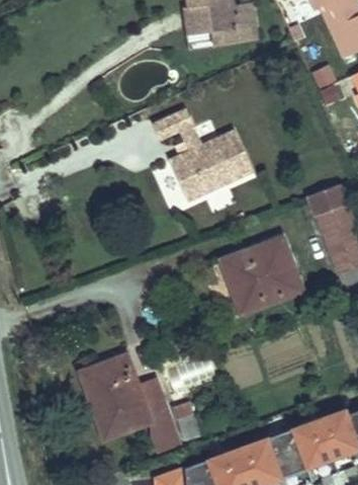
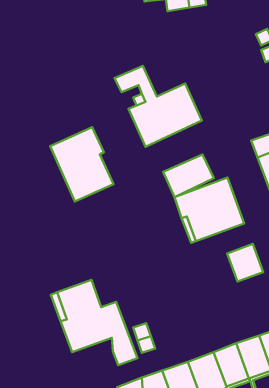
building: none -> [50,127,113,201]
building: none -> [163,154,214,197]
building: none -> [227,244,263,282]

